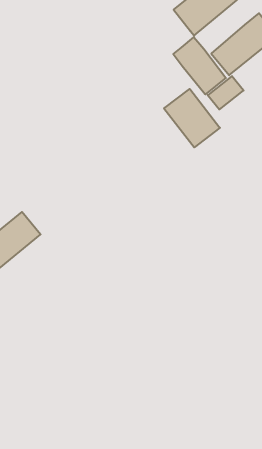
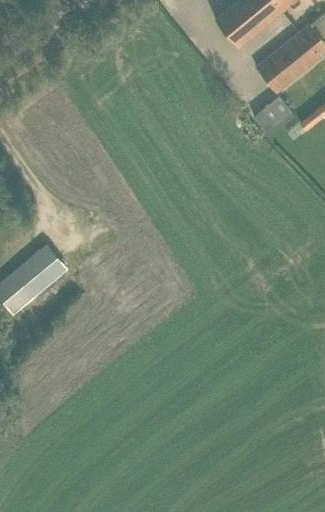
building: [173,37,226,94] -> none
building: [164,89,220,147] -> none

